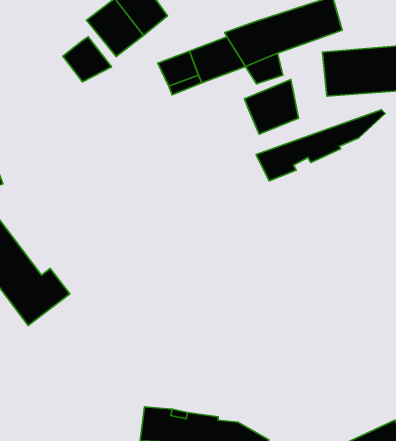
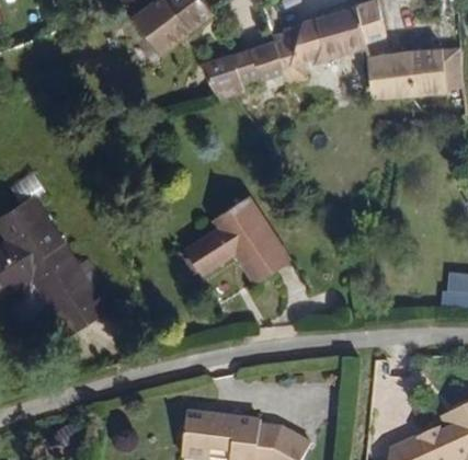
building: [63,37,112,82] -> none
building: [245,80,299,134] -> none
building: [256,110,385,181] -> none
building: none -> [184,195,289,281]

